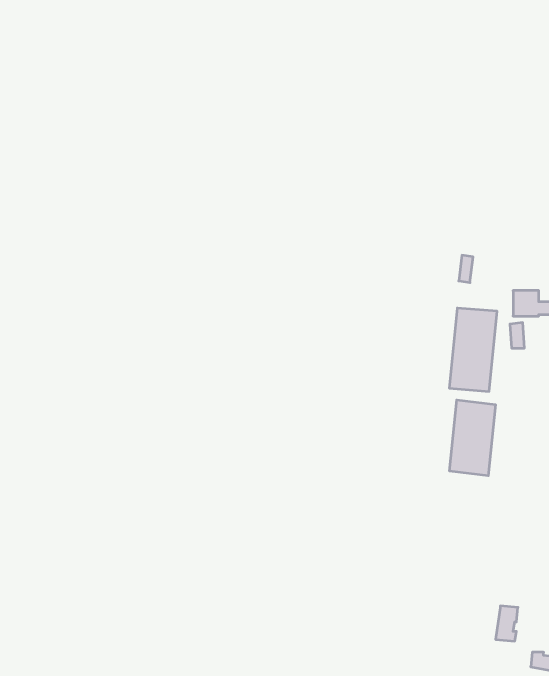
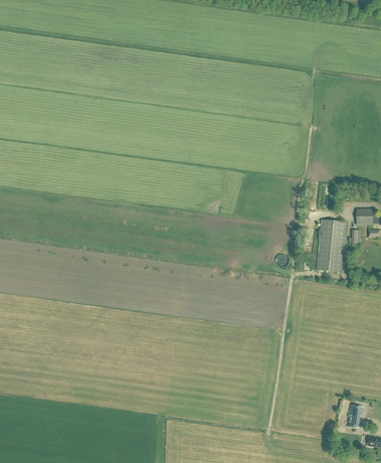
building: [450,400,495,476] -> none

